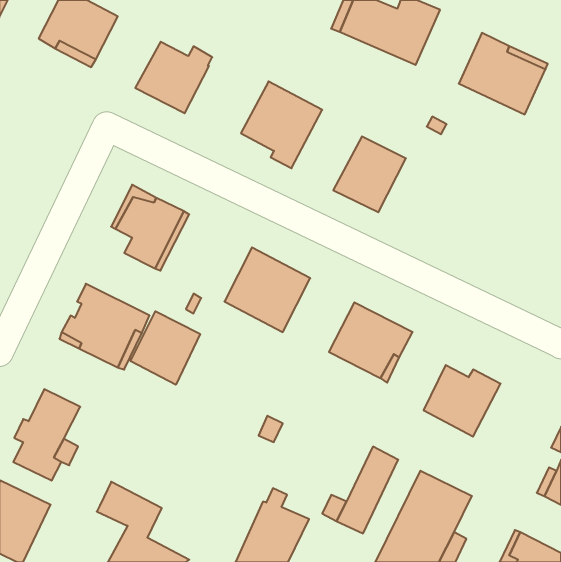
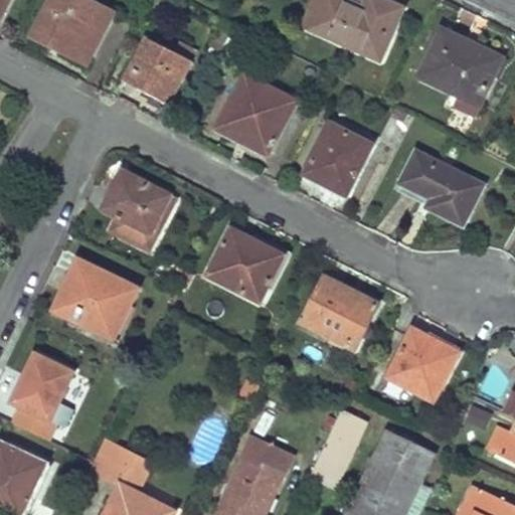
building: none -> [401,152,481,223]
building: [131,311,200,385] -> none

